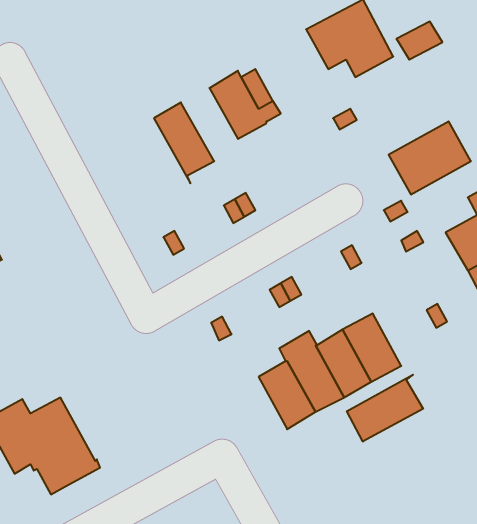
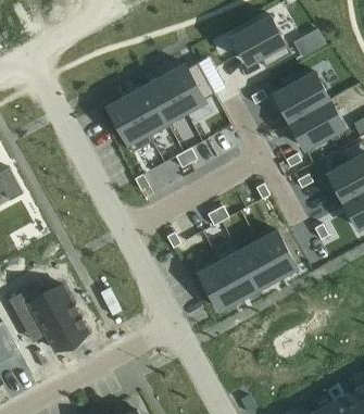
building: none -> [274,73,329,122]
building: none -> [146,76,185,126]
building: none -> [108,97,152,152]
building: [347,375,423,442] -> none

